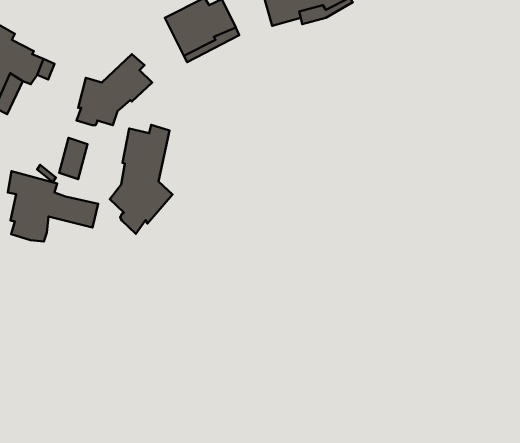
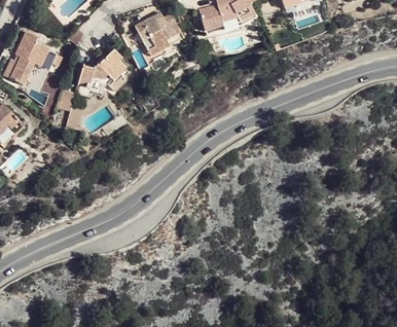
building: [110,125,173,234] -> none
building: [8,171,98,241] -> none

